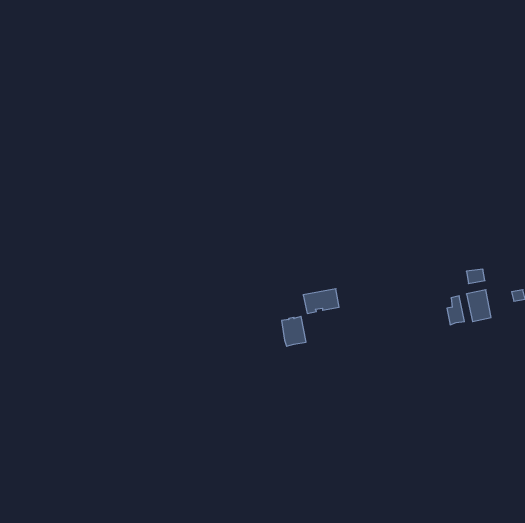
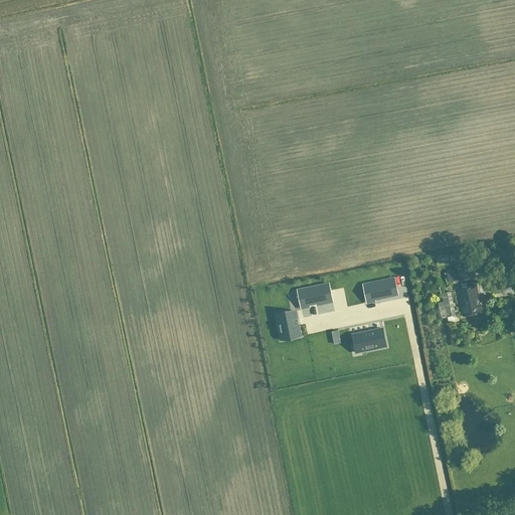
building: none -> [362,279,389,302]
building: none -> [352,328,383,351]

